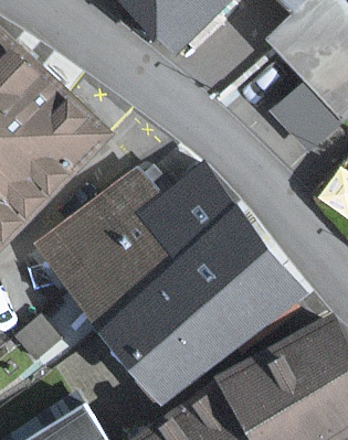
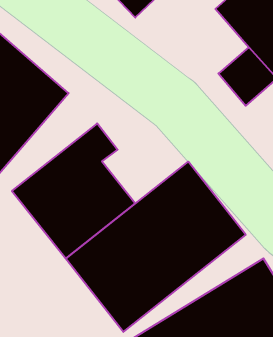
building: [141,163,239,257] -> none

